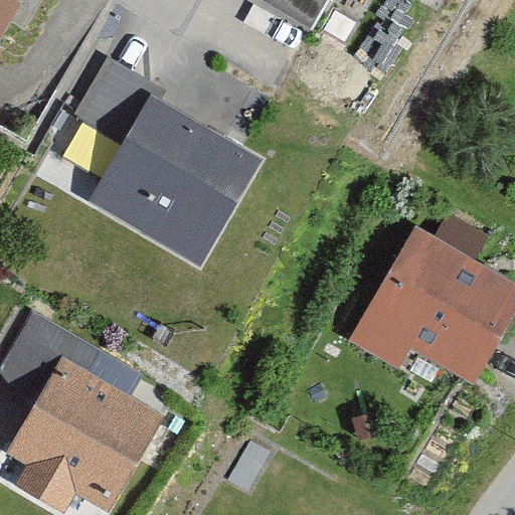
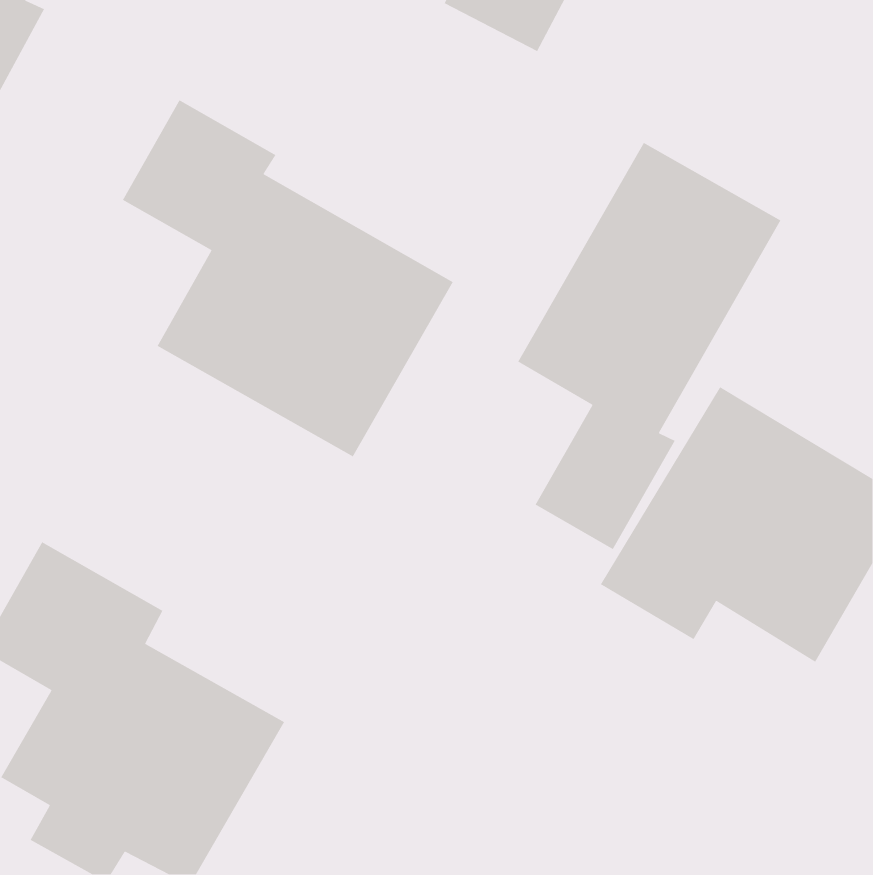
building: none -> [517,142,782,550]

